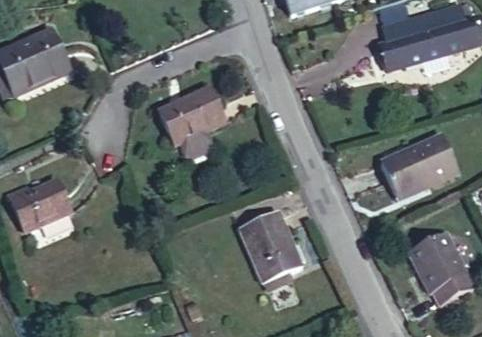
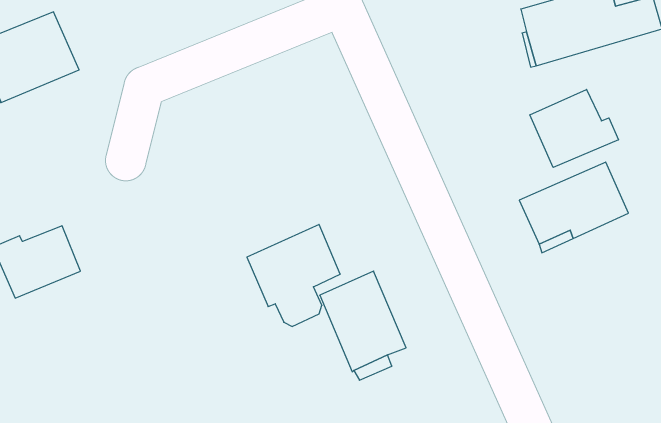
building: none -> [530,89,618,167]
building: [159,86,225,158] -> [247,224,340,326]
building: [409,231,475,305] -> none

